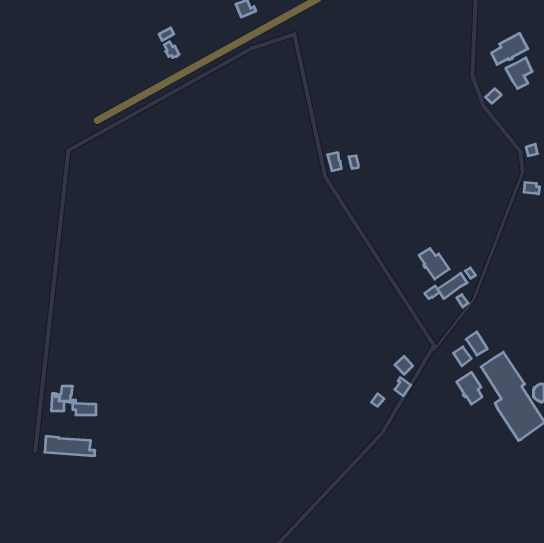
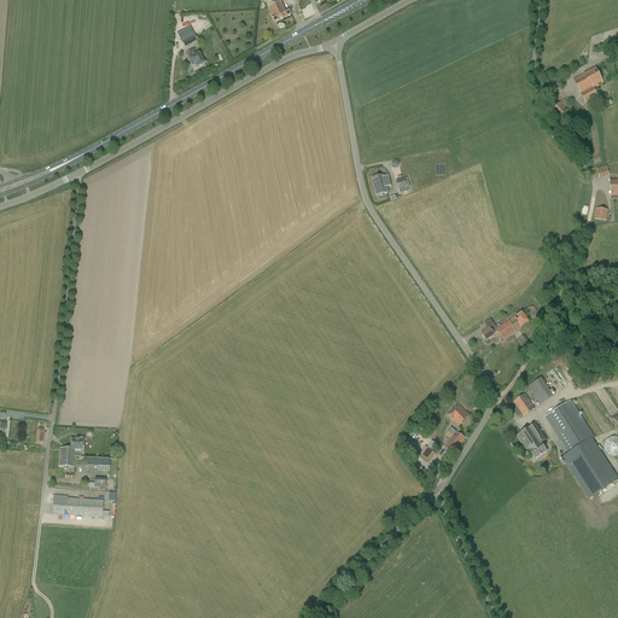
building: [492,33,528,65] -> none
building: [419,248,449,279] -> none

